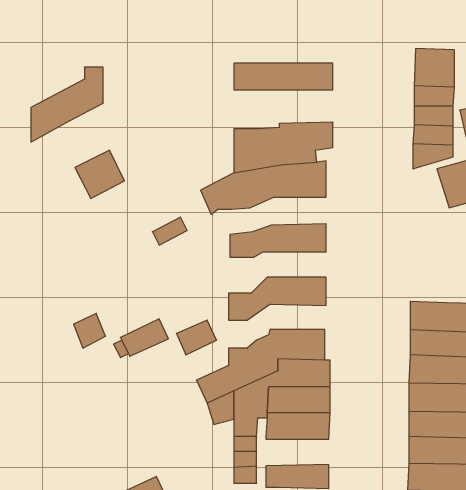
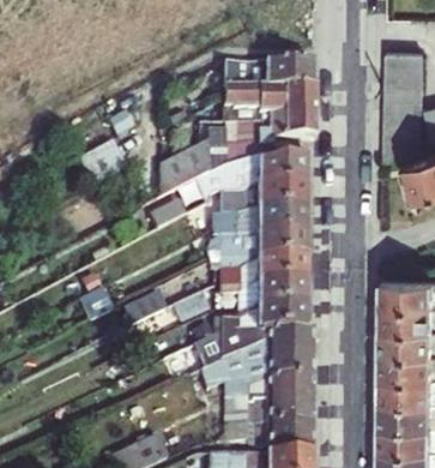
building: [31,67,103,142] -> [161,133,225,200]
building: none -> [225,91,314,126]
building: none -> [222,187,308,221]
building: none -> [220,236,308,274]
building: none -> [220,283,308,323]
building: none -> [254,404,310,428]

